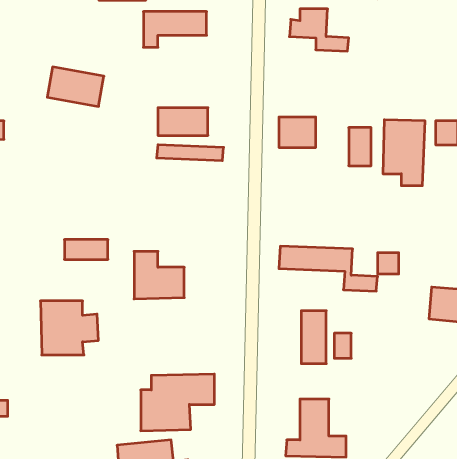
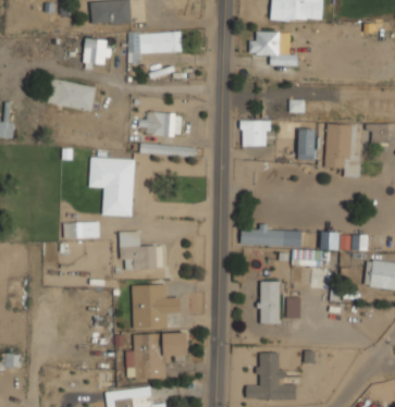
building: none -> [83,37,112,67]
building: none -> [89,158,135,217]
building: [40,301,98,355] -> [133,285,181,330]

